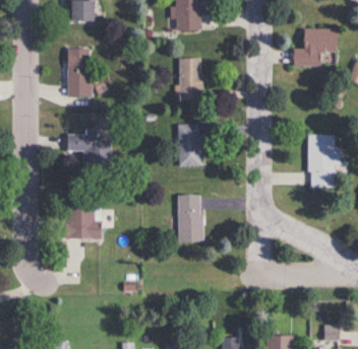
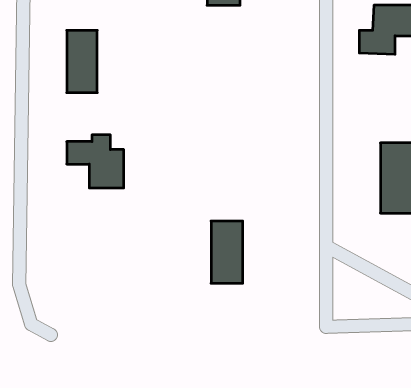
building: [179,57,202,99] -> none
building: [178,124,202,165] -> none
building: [65,203,100,238] -> none

